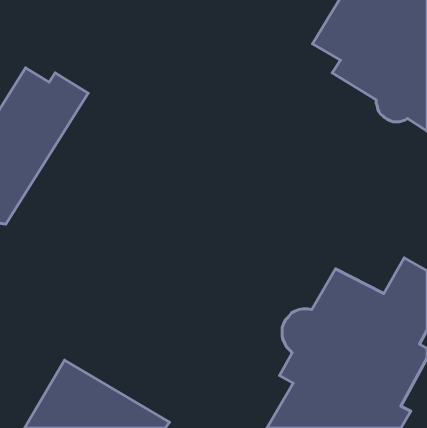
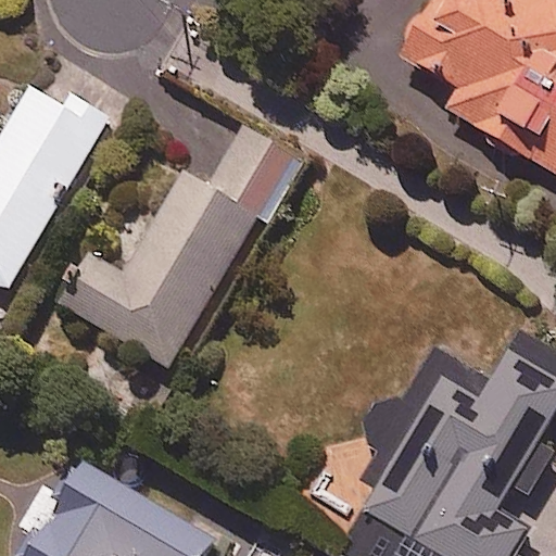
building: none -> [60,124,305,369]

